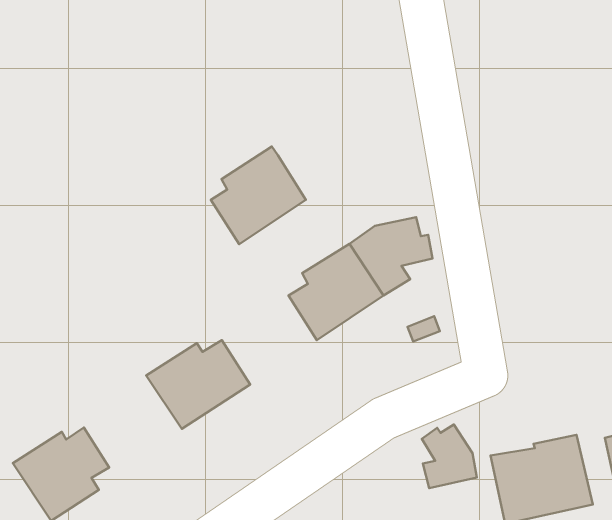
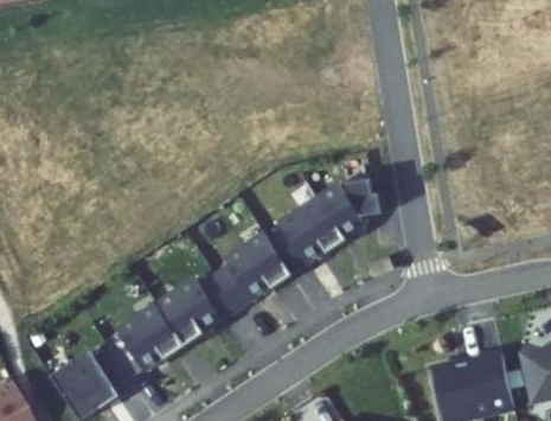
building: [211,146,306,244] -> [217,231,293,310]
building: none -> [107,302,185,376]
building: [422,424,477,488] -> none

